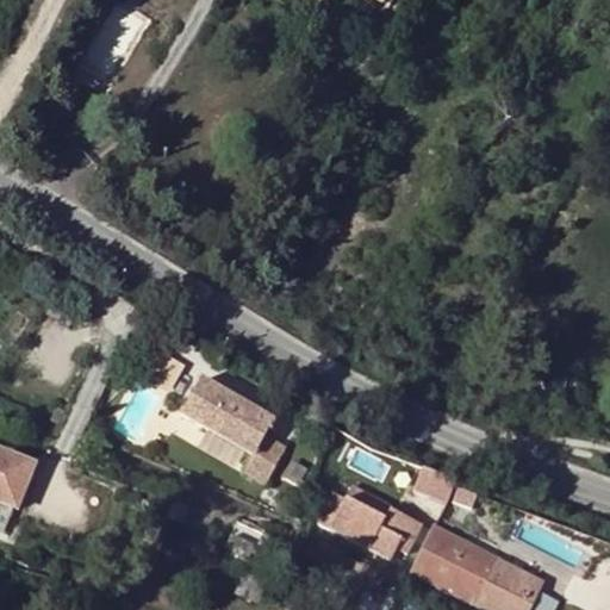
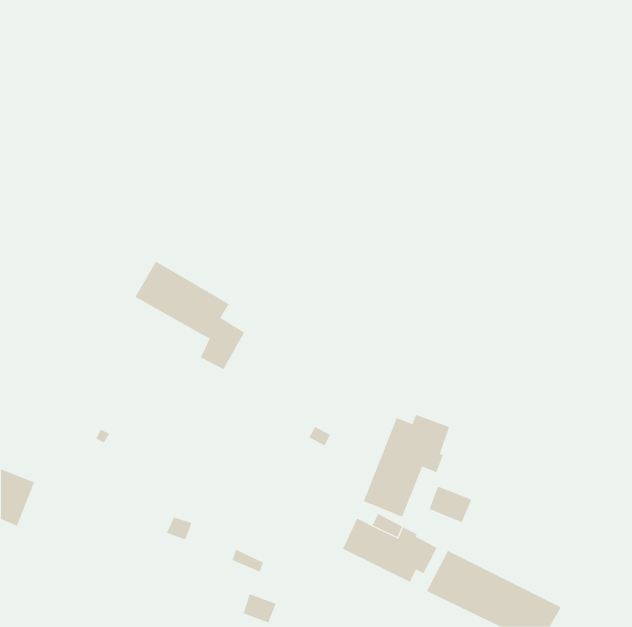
building: [179,375,285,480] -> [134,261,245,370]
building: none -> [363,414,450,517]

